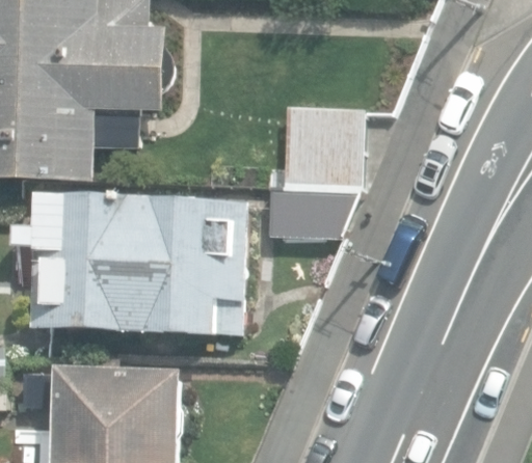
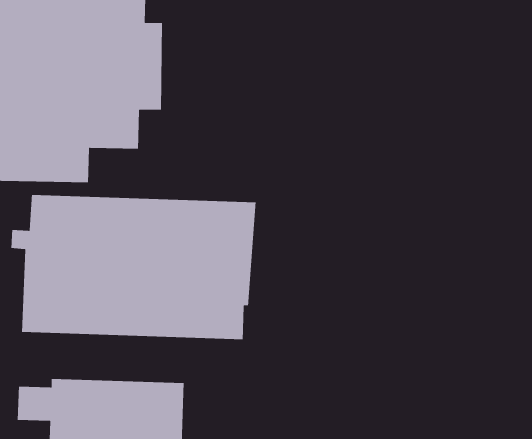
building: [266,109,363,240] -> none

